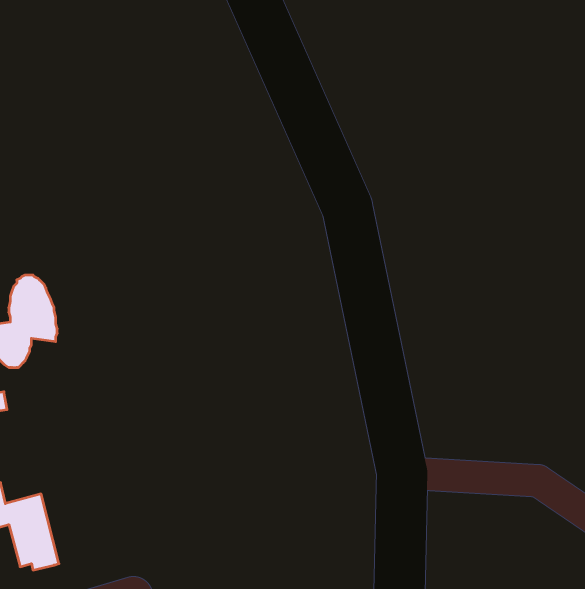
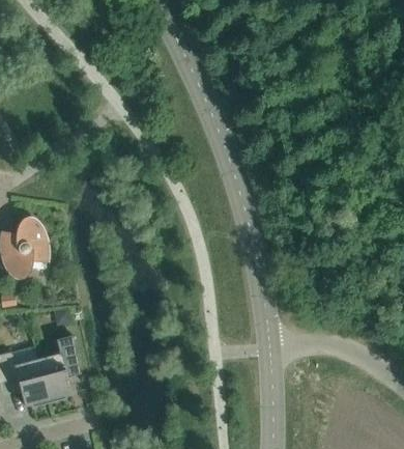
building: none -> [36,335,79,402]

